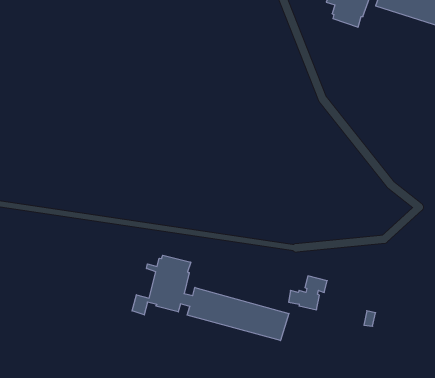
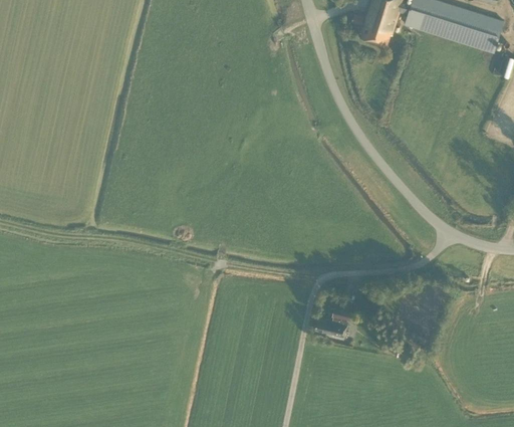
building: [132,255,289,341] -> none

